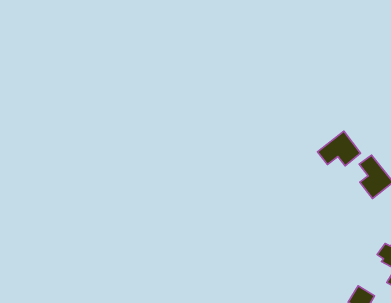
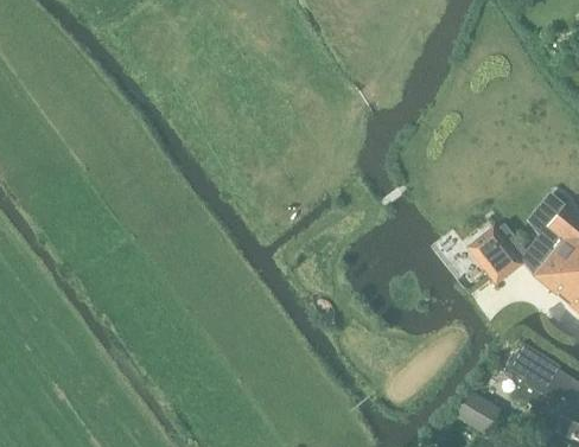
building: [317,131,361,166] -> none

